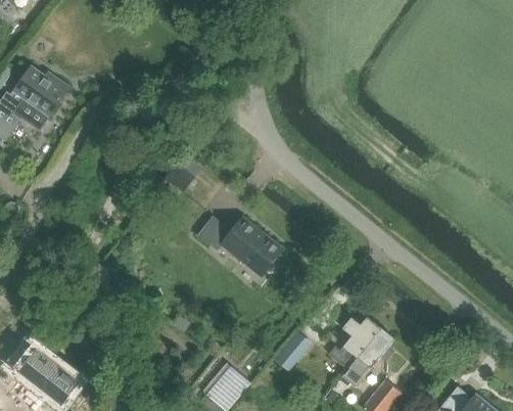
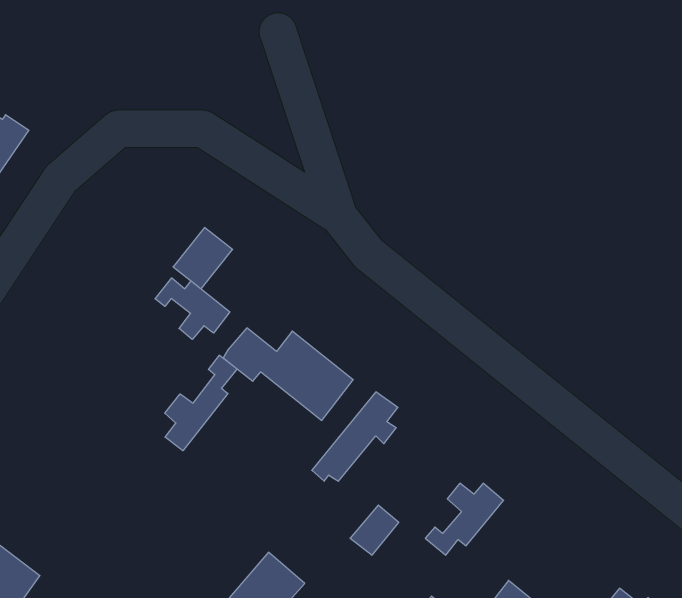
building: none -> [155,278,230,339]
building: none -> [165,355,237,451]
building: [338,329,394,387] -> [312,392,398,481]

